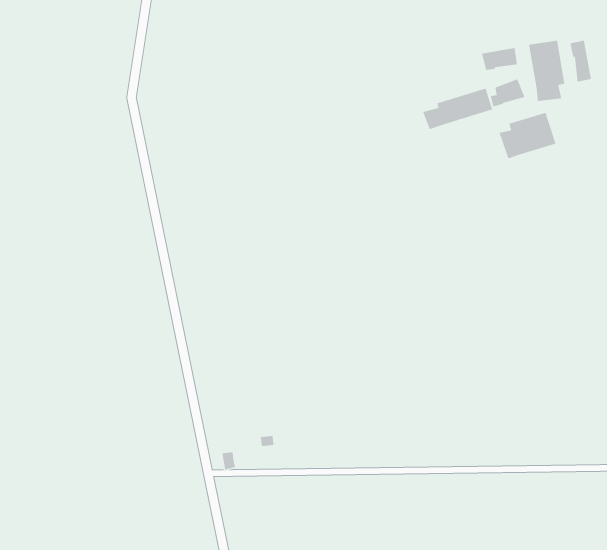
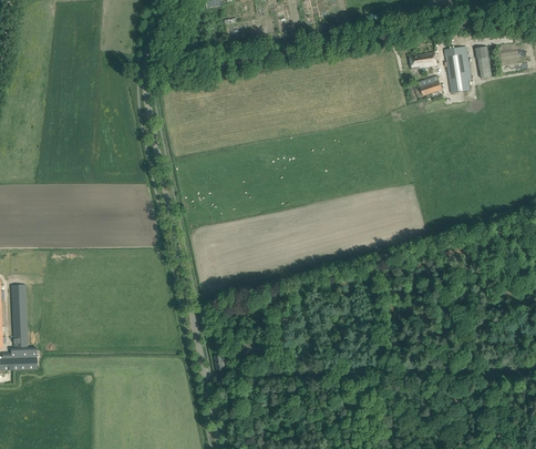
building: [422,87,493,130] -> none
building: [498,112,557,160] -> none

